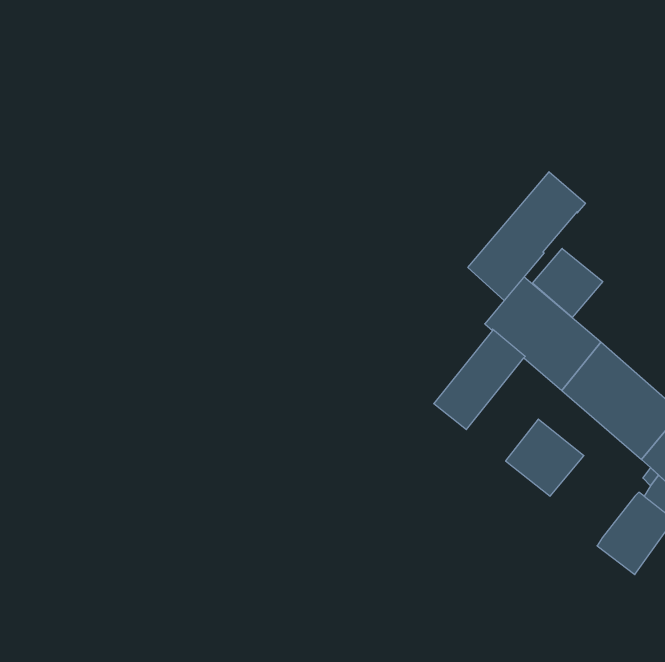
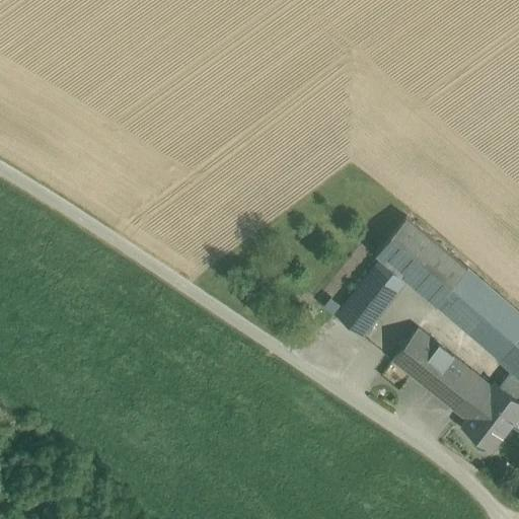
building: [468,172,585,300] -> none
building: [532,248,603,318] -> none
building: none -> [429,358,495,422]

